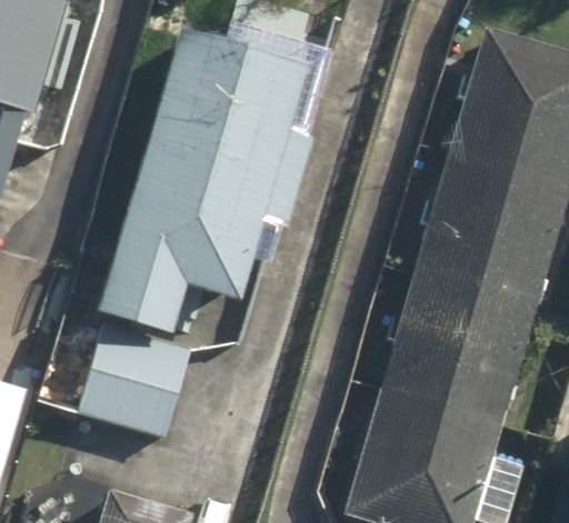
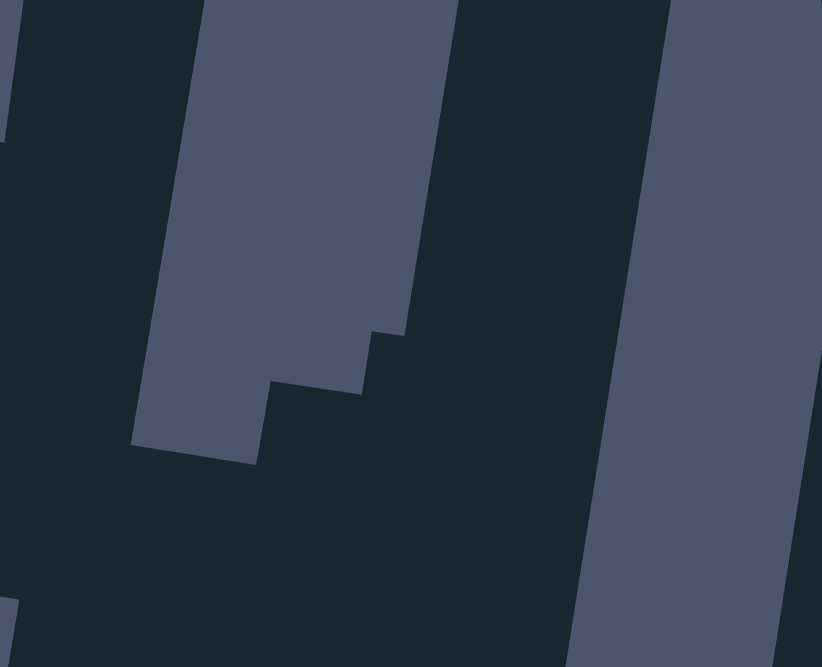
building: [70,314,196,439] -> none

